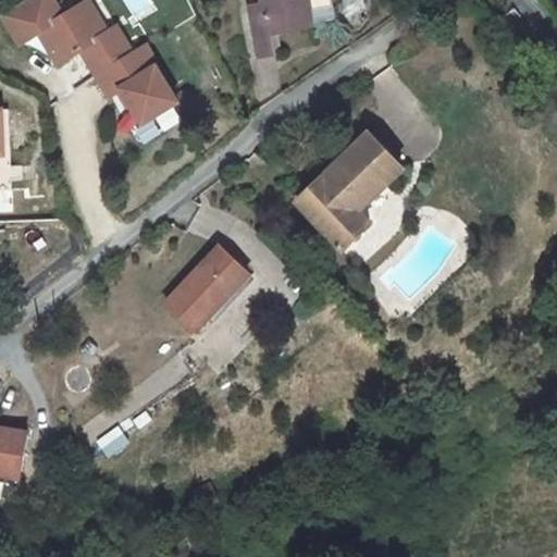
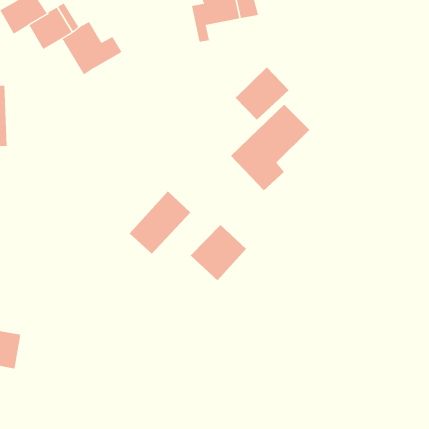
building: [120,69,176,124] -> none
building: none -> [235,67,290,120]
building: none -> [190,224,247,281]

